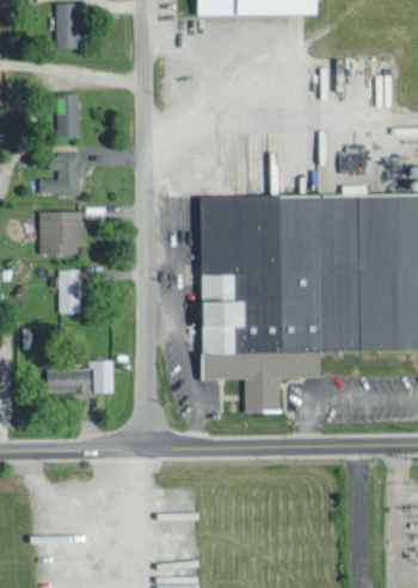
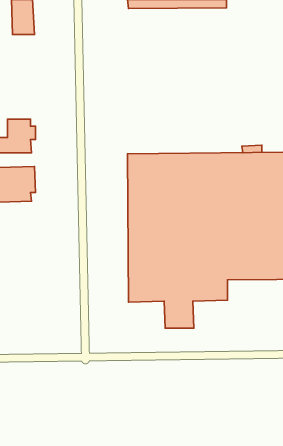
building: [55,93,79,137] -> none
building: [59,271,81,314] -> none
building: [47,360,113,392] -> none

